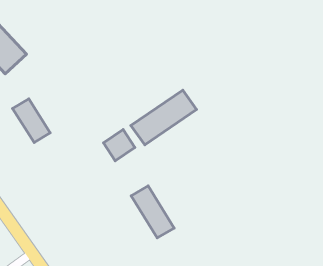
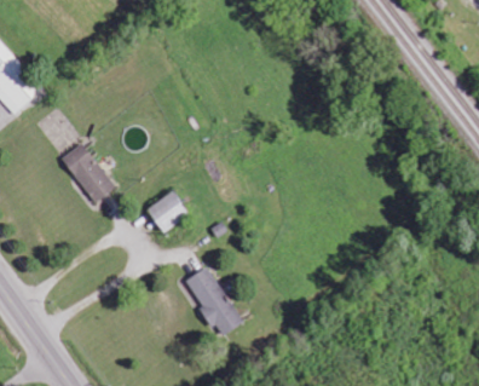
building: [131,90,197,145] -> none
building: [13,99,50,143] -> [63,143,114,202]

